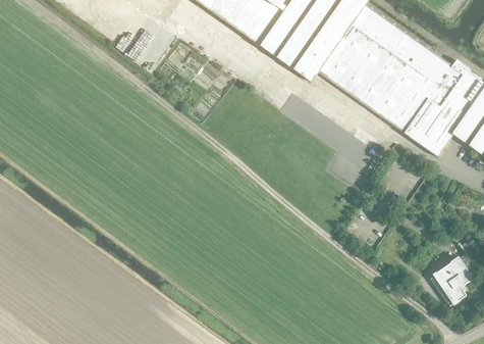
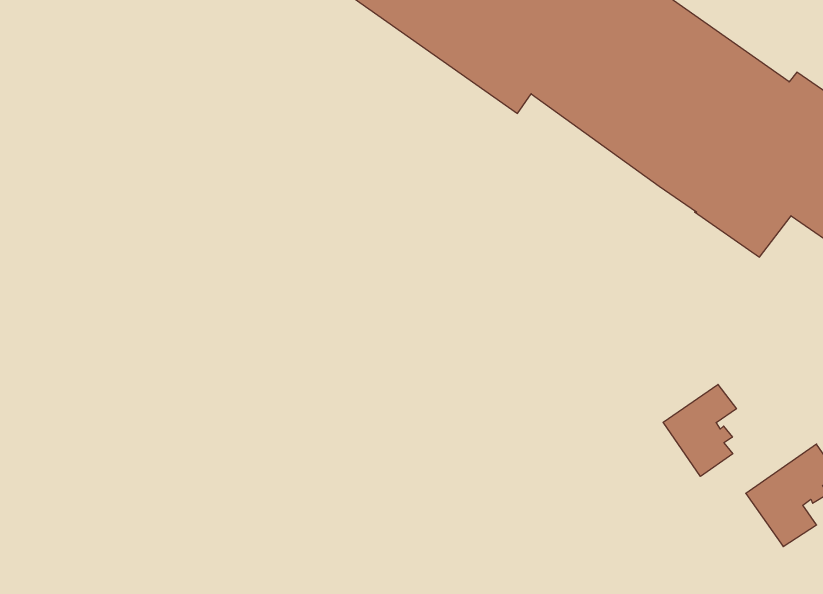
building: none -> [663,384,736,476]

